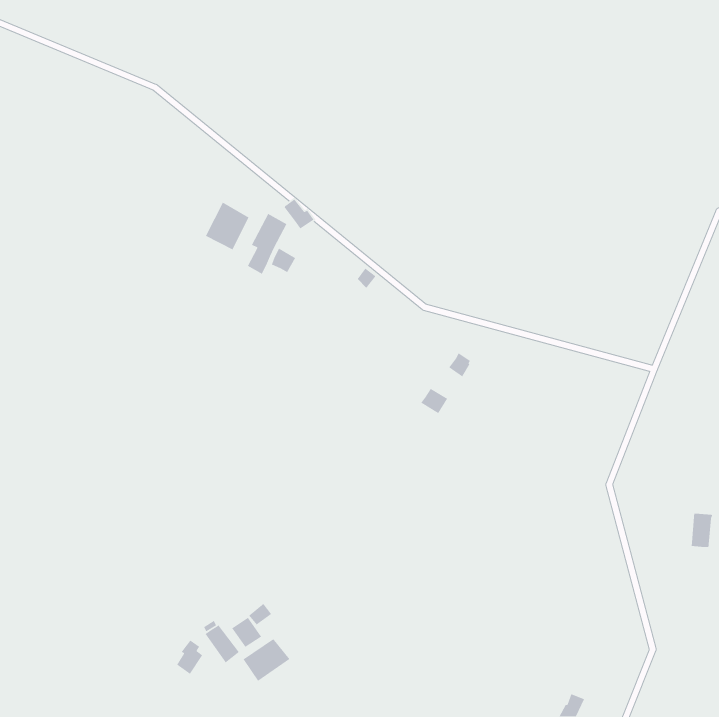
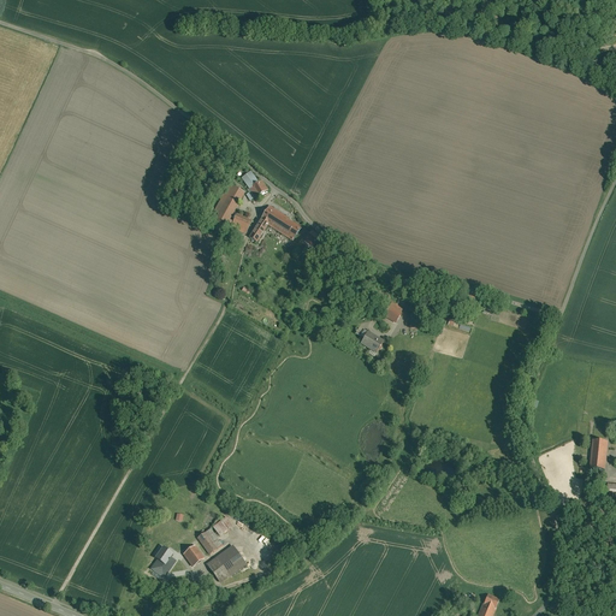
building: [205,202,249,250] -> none
building: none -> [250,203,301,241]

